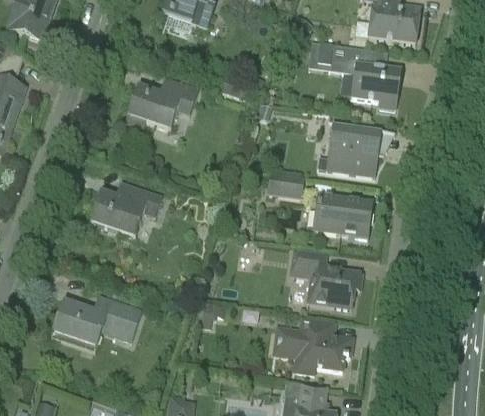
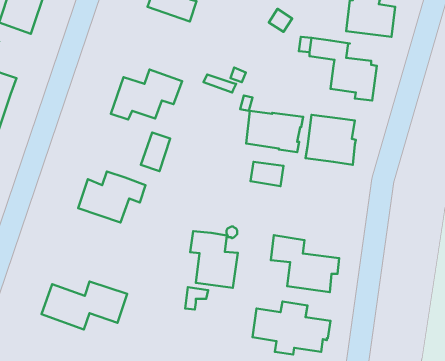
building: none -> [141,132,170,171]
building: [314,194,373,237] -> [246,111,303,152]
building: none -> [190,231,238,288]

